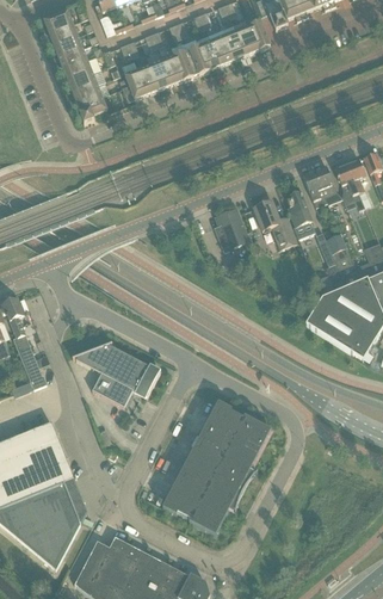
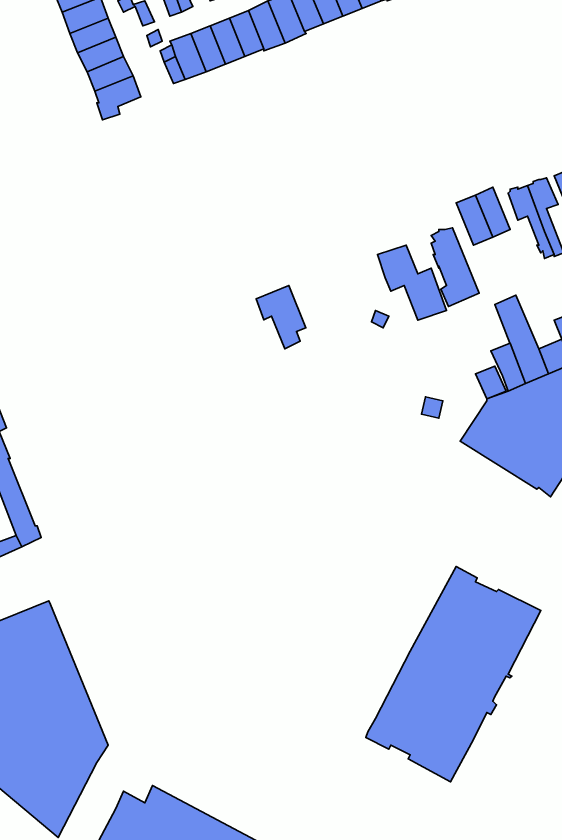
building: [215,206,246,246] -> [256,285,306,349]
building: [72,341,159,407] -> none
building: [161,401,270,535] -> [366,566,541,782]

